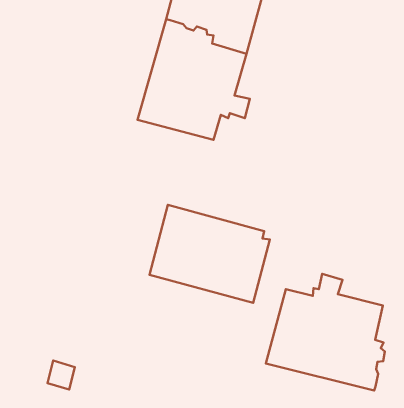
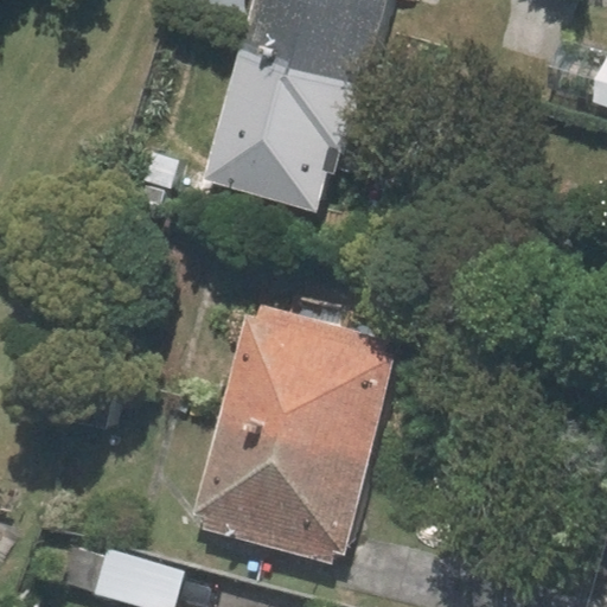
building: [266,274,385,390] -> none
building: none -> [192,405,373,566]

